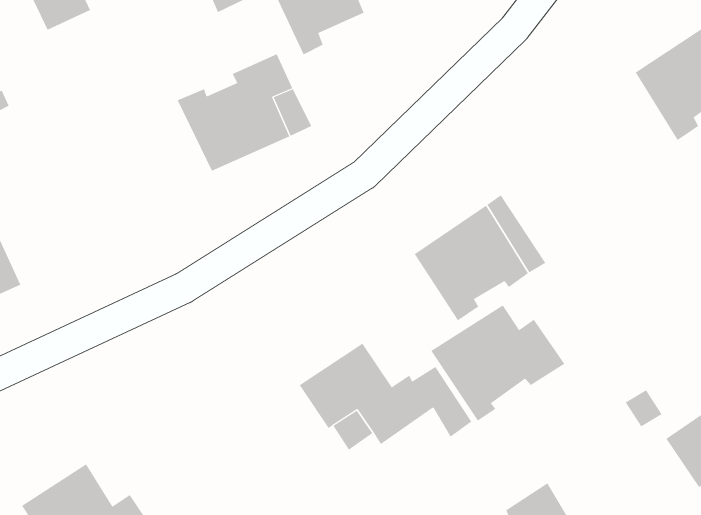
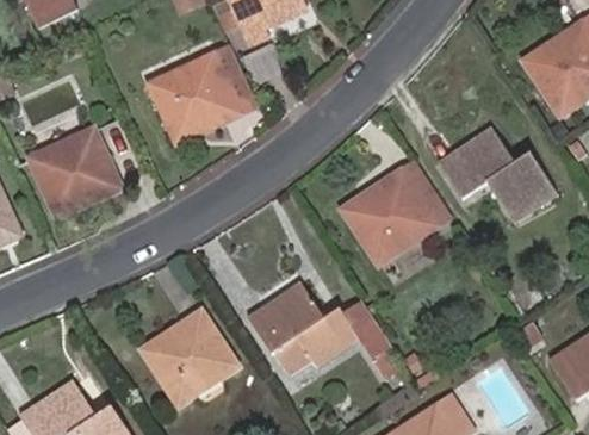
building: none -> [31,129,120,216]
building: none -> [440,130,556,222]
building: [431,305,565,421] -> none
building: none -> [143,311,238,406]

